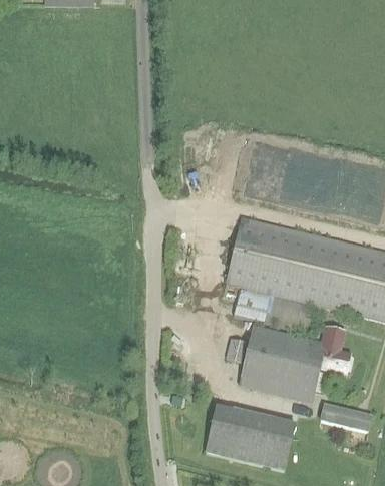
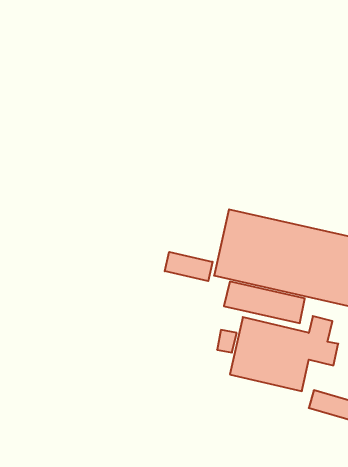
building: none -> [165,252,213,281]
building: [205,404,296,470] -> none

